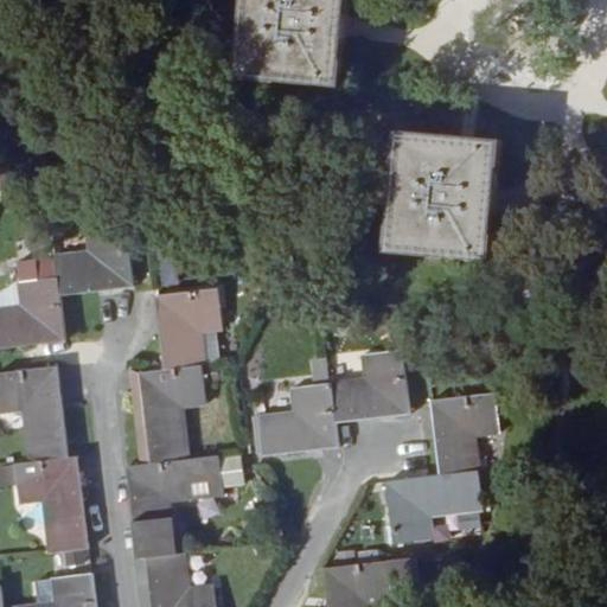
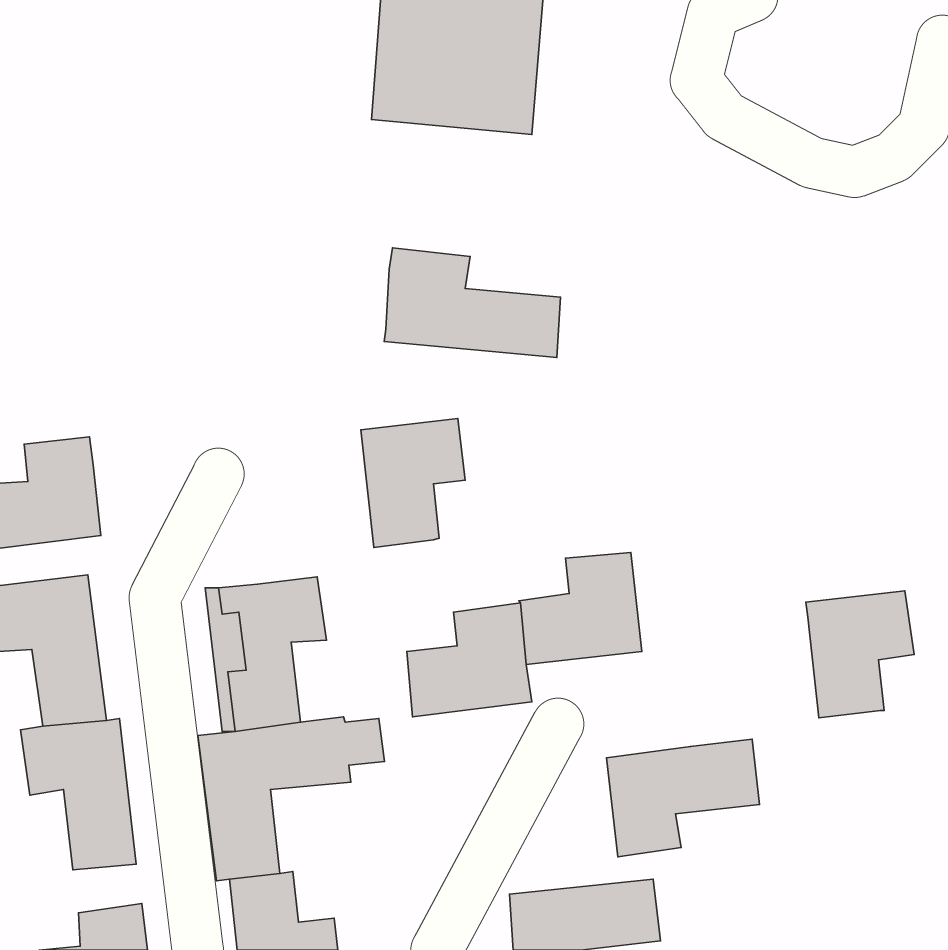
building: [385,129,500,261] -> none
building: none -> [384,248,560,357]
building: [55,225,133,295] -> none
building: [155,289,222,371] -> [361,419,465,547]
building: [430,394,499,474] -> [806,591,914,718]

